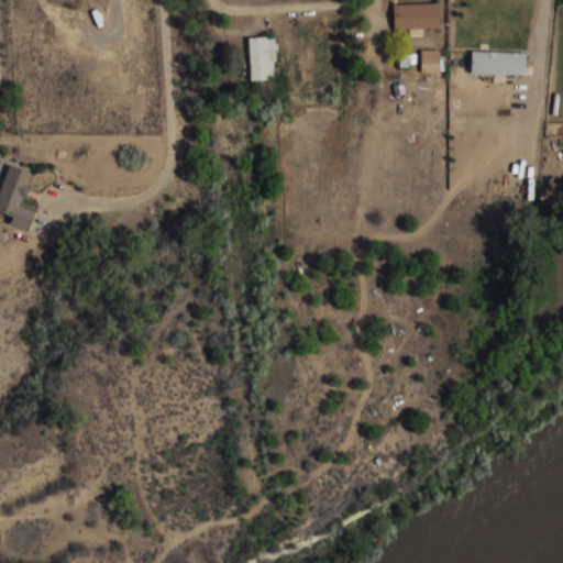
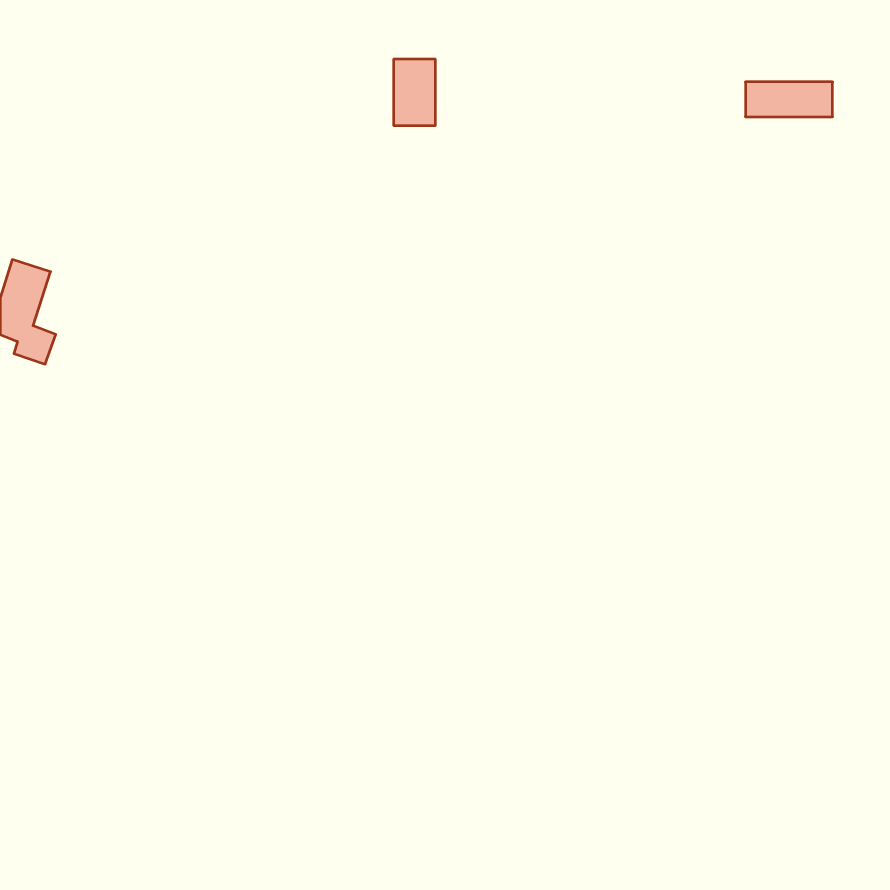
building: [393,4,438,30] -> none
building: [420,48,439,74] -> none

